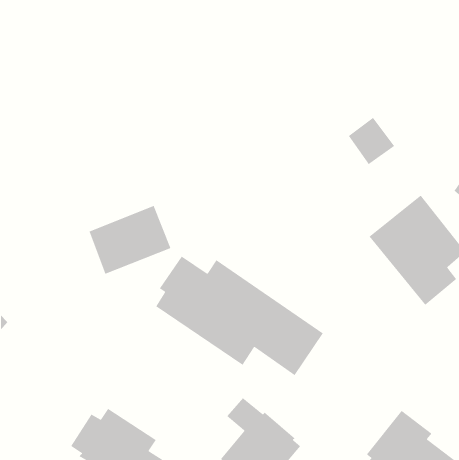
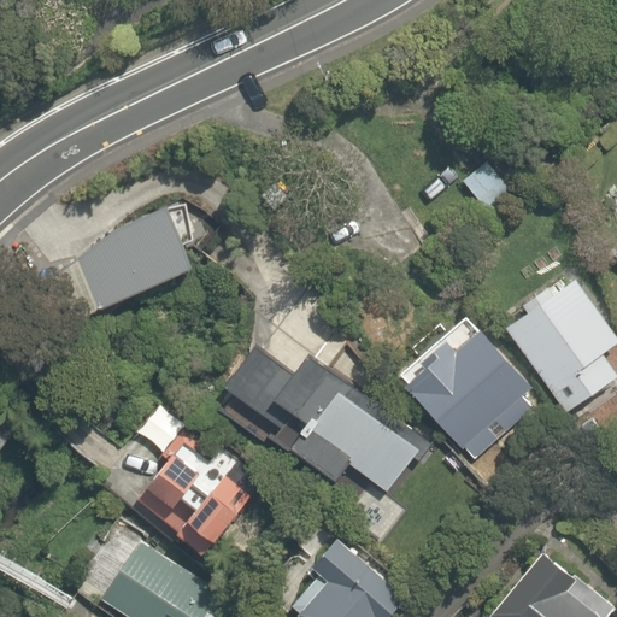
building: [88,205,171,275] -> [76,211,186,304]
building: none -> [398,329,545,466]
building: none -> [137,445,249,545]

